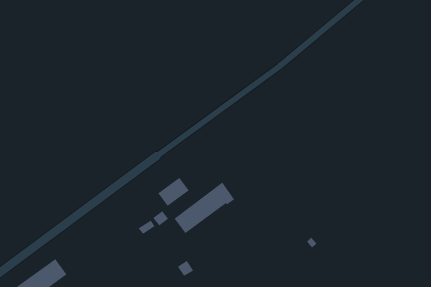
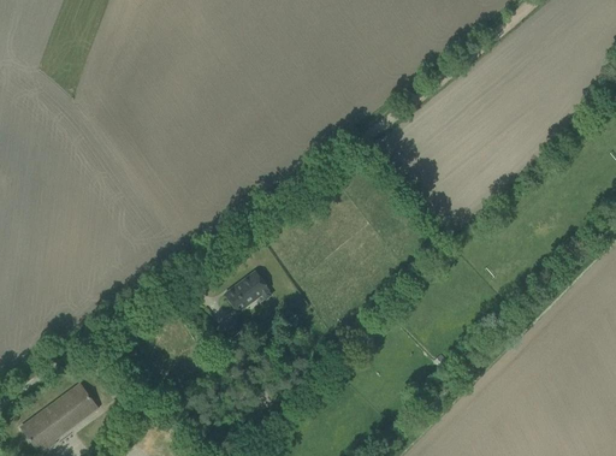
building: [174,181,235,234] -> none

